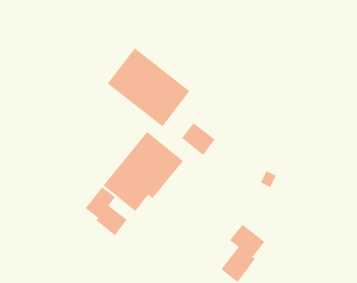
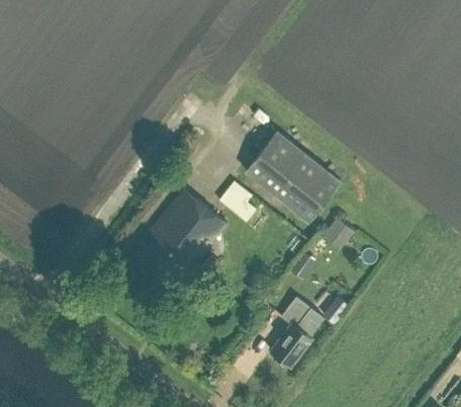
building: [107,47,190,127] -> [244,130,342,224]
building: [85,186,128,236] -> none

